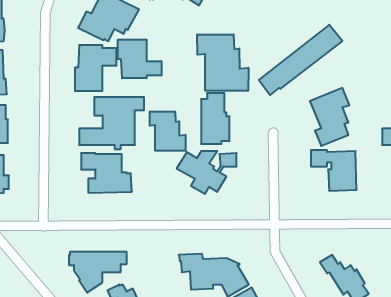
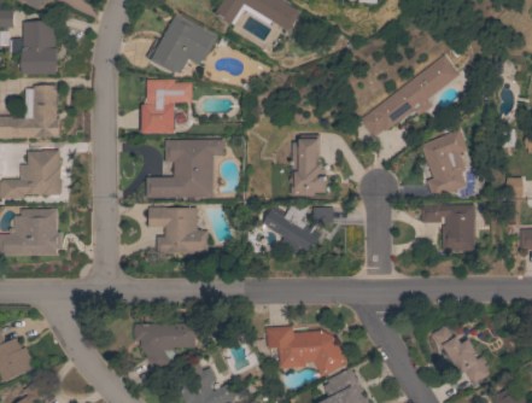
building: [197,34,248,91] -> none
building: [118,40,161,78] -> none
building: [150,112,186,151] -> none

